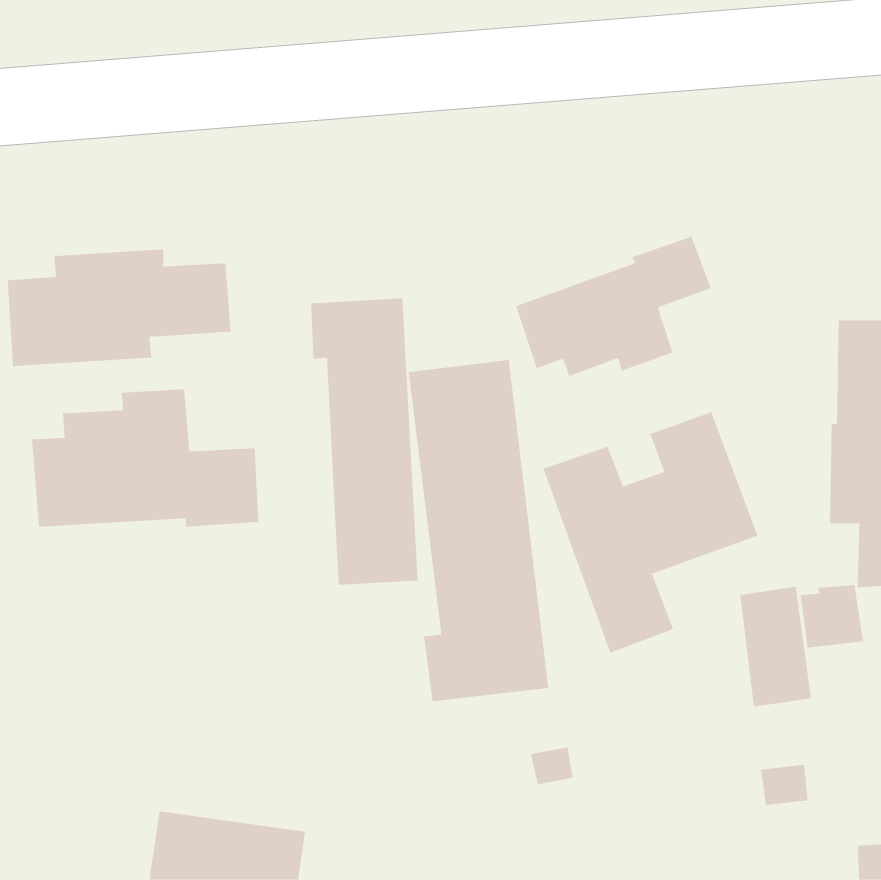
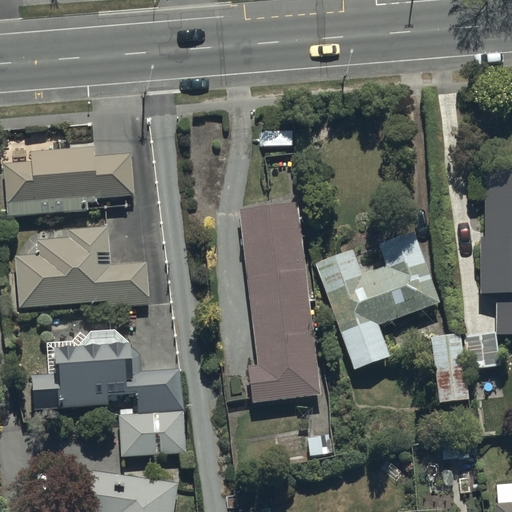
building: [515,236,712,377] -> none
building: [310,297,418,586] -> none
building: none -> [33,327,189,455]

